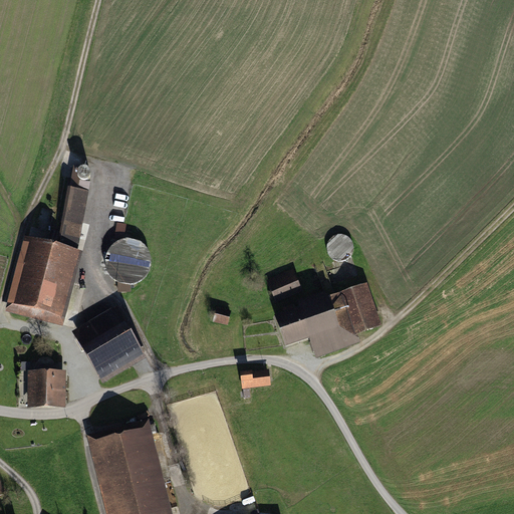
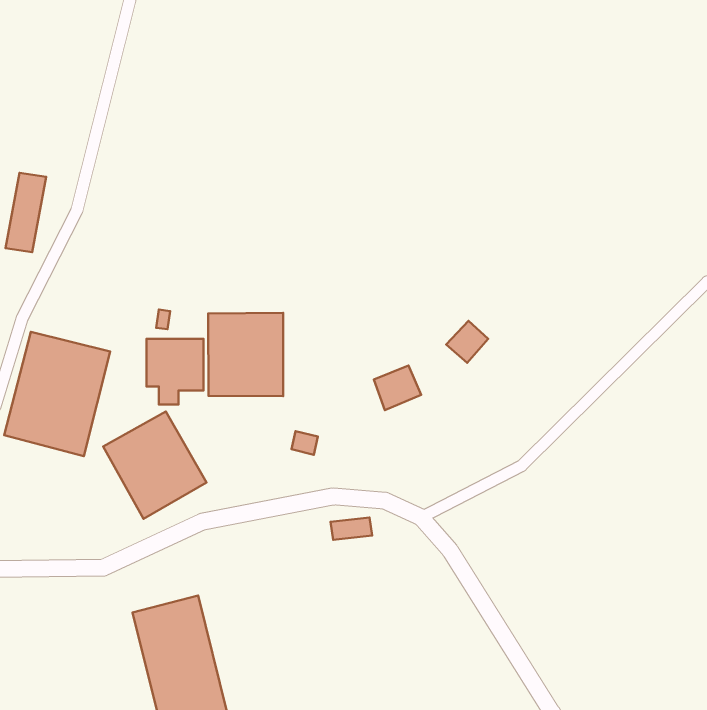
building: [56,192,85,249] -> [6,173,46,252]
building: none -> [208,313,283,396]
building: [281,278,389,351] -> none
building: [31,365,67,400] -> none

